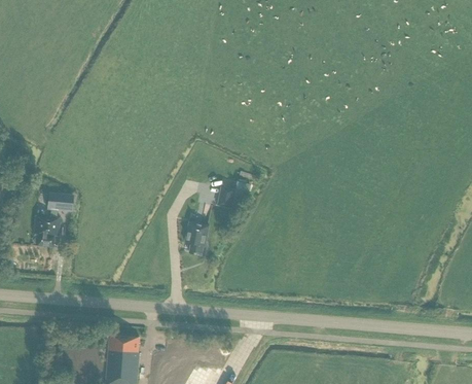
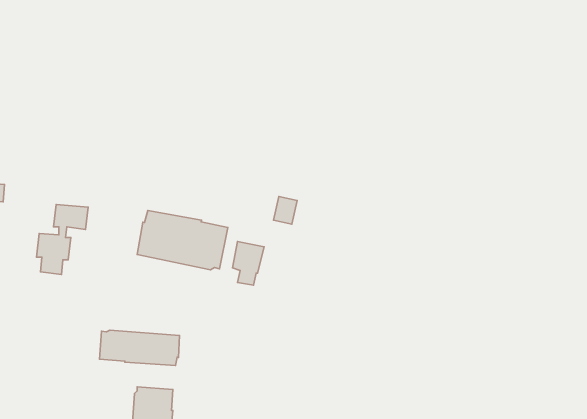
building: none -> [137,211,228,270]
building: none -> [100,330,180,365]

